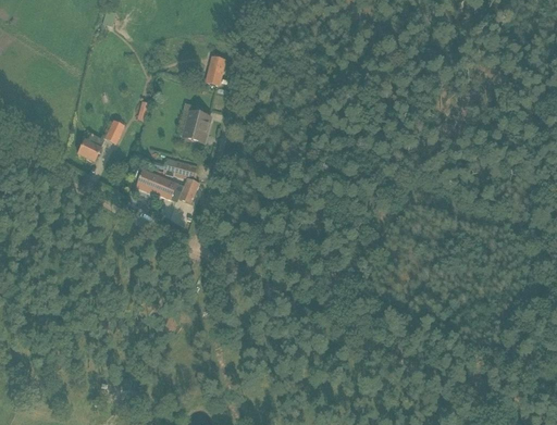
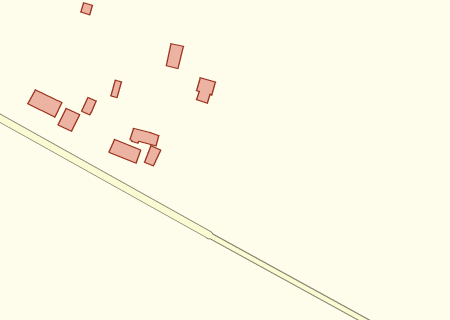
building: none -> [28,90,62,117]
building: [187,111,210,141] -> [196,78,216,103]

